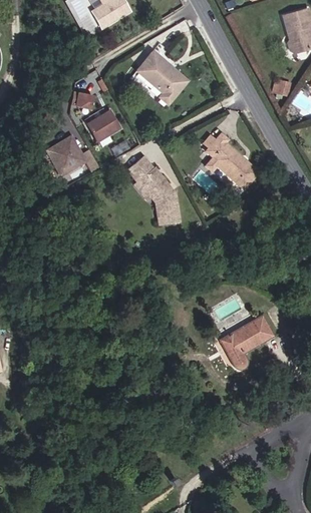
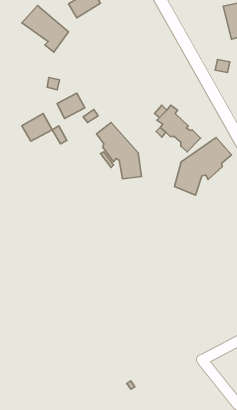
building: [134,49,192,106] -> [22,6,69,52]
building: none -> [174,138,231,195]
building: [216,313,277,370] -> none

